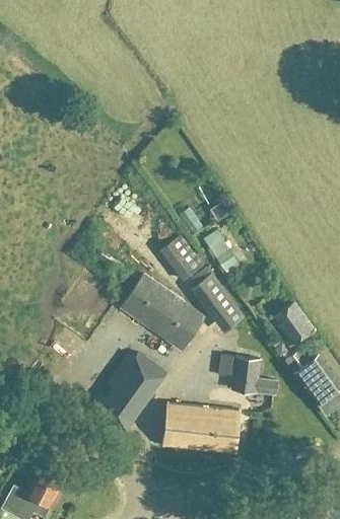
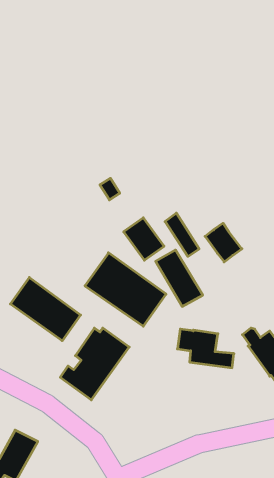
building: none -> [10,277,81,341]
building: [273,303,313,345] -> [205,223,242,262]
building: [163,404,237,453] -> none

